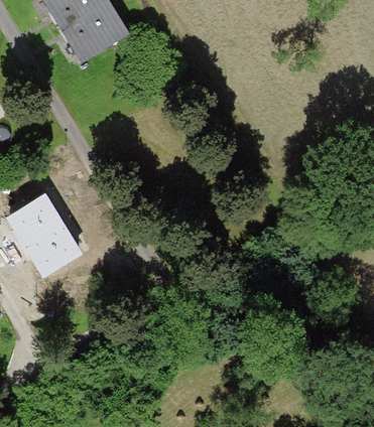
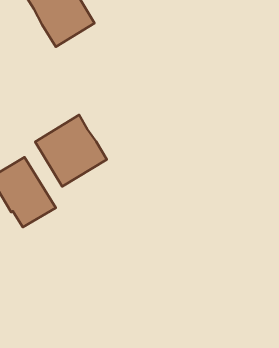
building: none -> [35,115,107,186]

